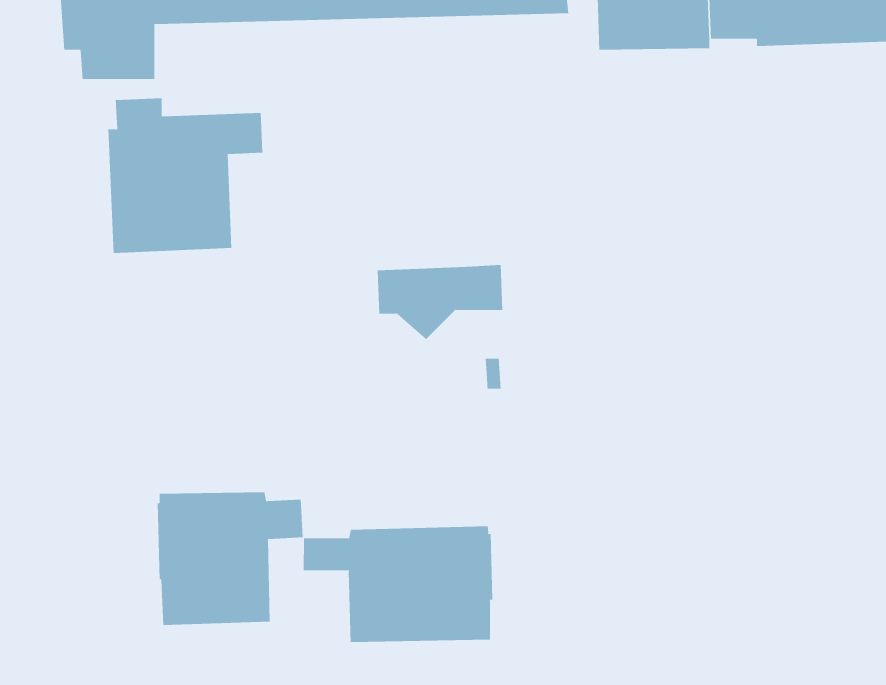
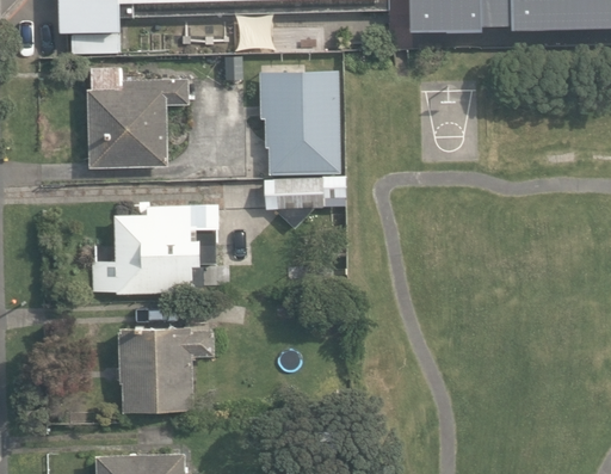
building: none -> [258,68,340,172]
building: none -> [91,201,222,295]
building: [303,525,493,643] -> none

